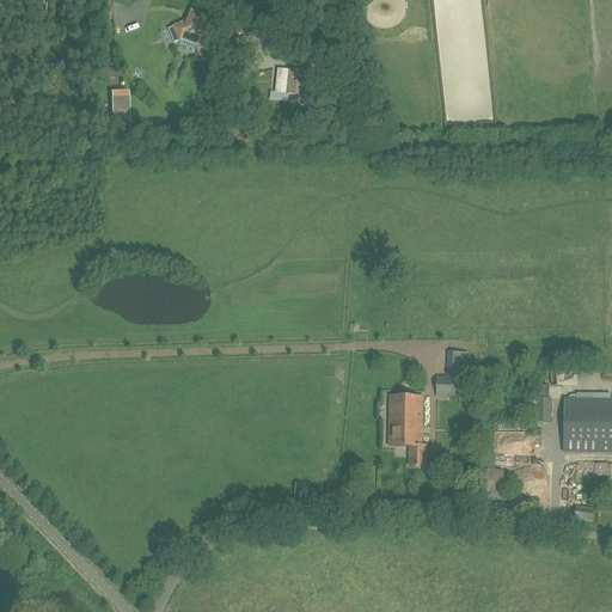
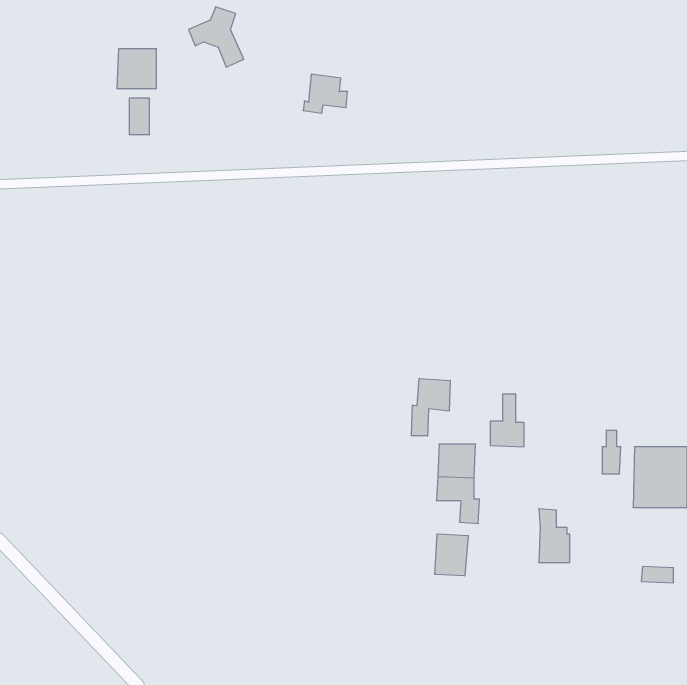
building: none -> [117,48,156,89]
building: none -> [411,378,450,436]
building: none -> [435,534,468,576]

